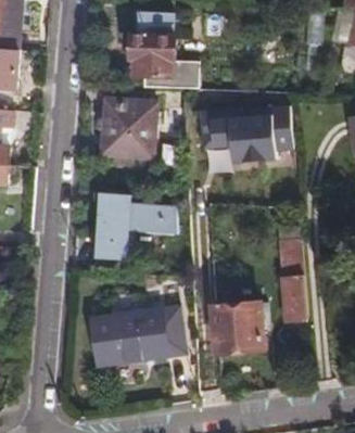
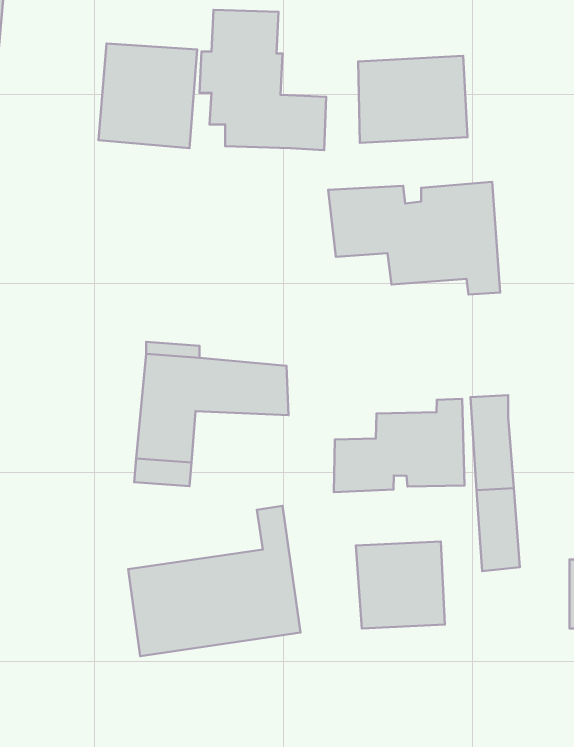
building: none -> [358,56,468,143]
building: [100,98,154,155] -> [98,43,197,148]
building: none -> [334,399,464,492]

